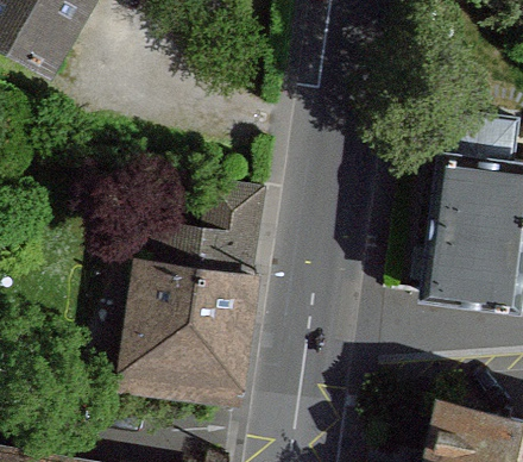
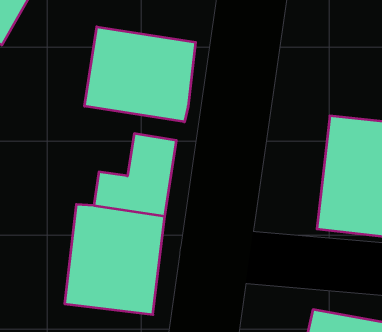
building: none -> [85,27,196,122]

